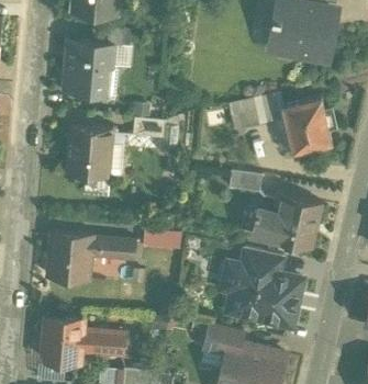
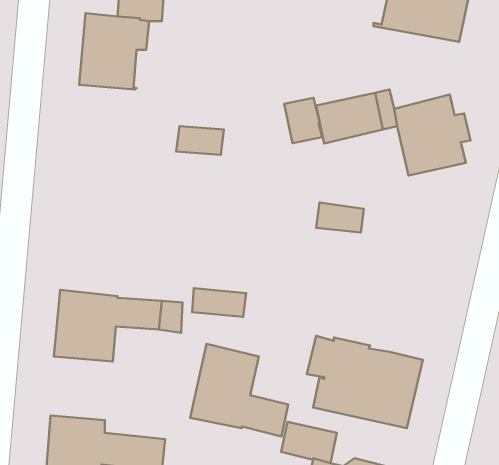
building: none -> [284,98,322,143]
building: [67,126,124,194] -> none
building: [252,194,322,249] -> none
building: [242,248,285,274] -> none
building: none -> [190,344,288,436]

